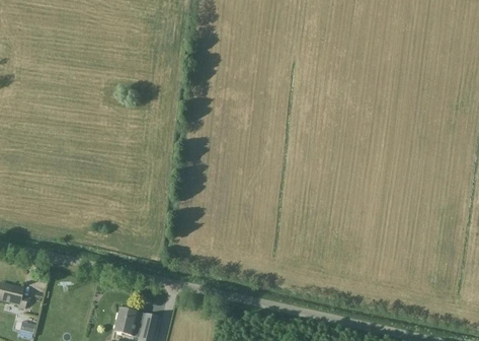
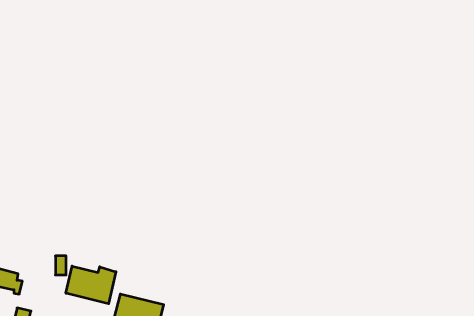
building: none -> [66,266,116,304]

